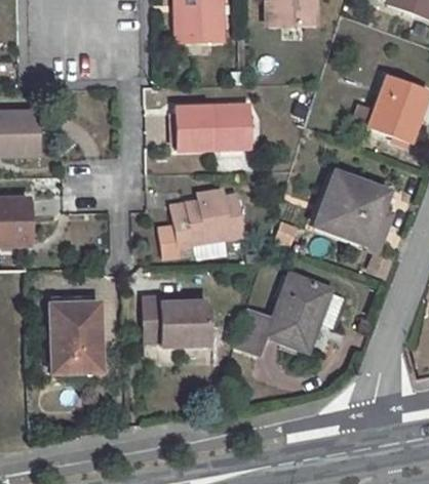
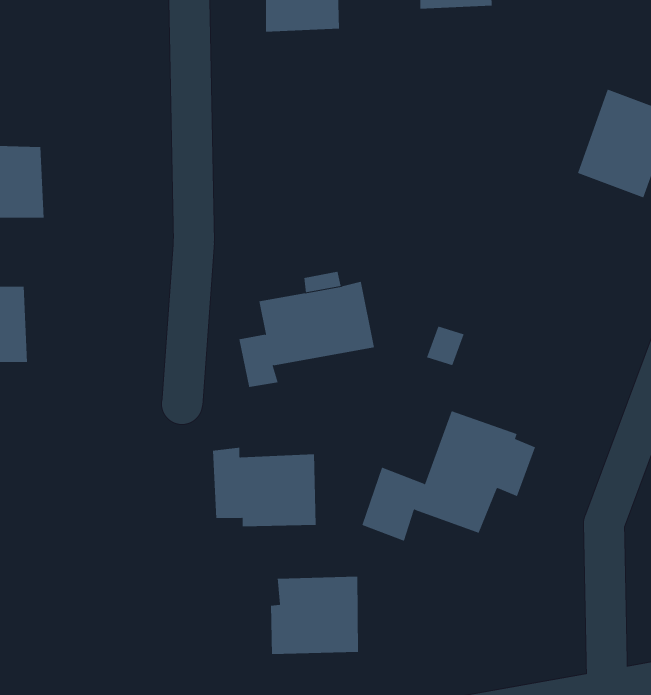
building: [176,106,250,149] -> none
building: [313,170,387,242] -> none
building: [49,302,96,371] -> none
building: none -> [270,576,358,655]

